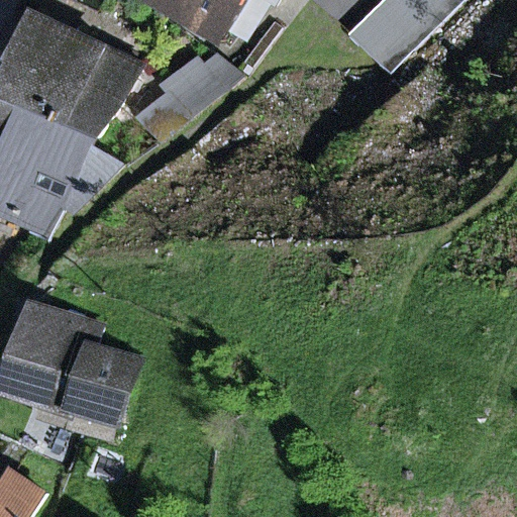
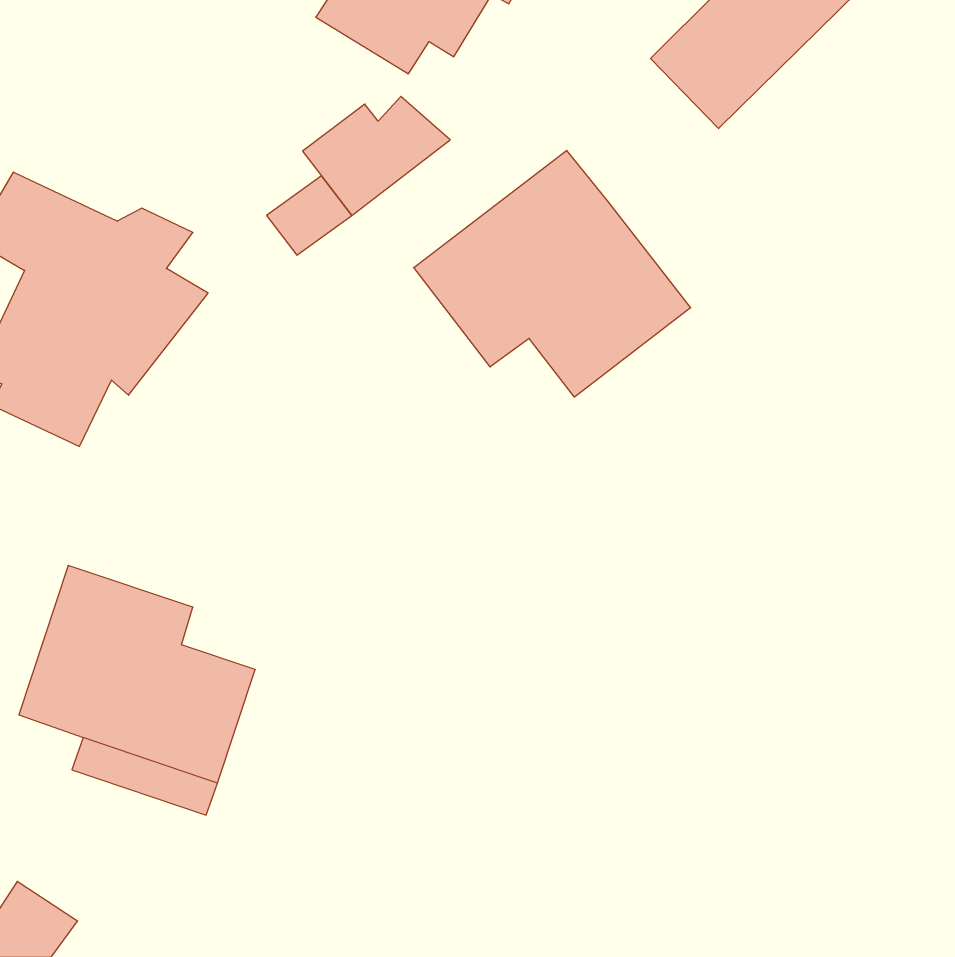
building: [7,11,138,124] -> none
building: none -> [414,150,691,397]

